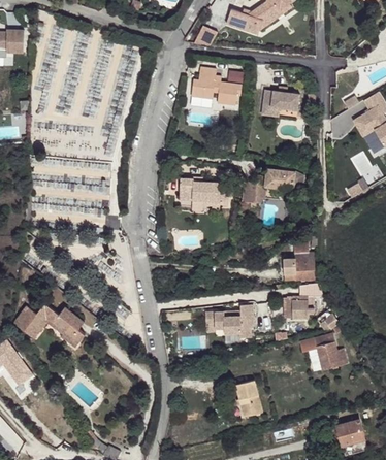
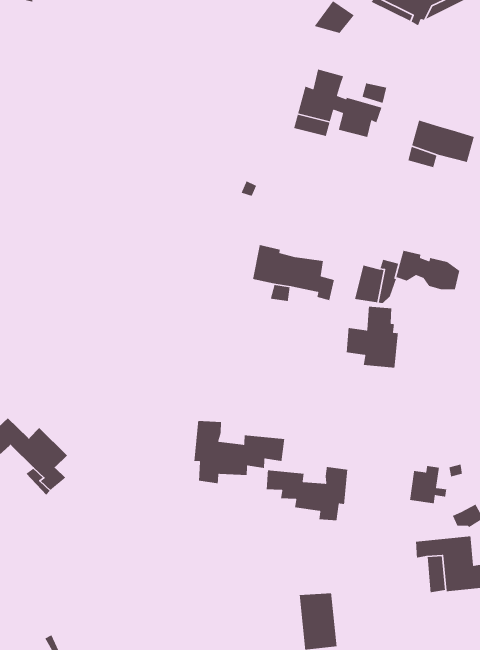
building: [283,242,315,280] -> [346,306,399,369]
building: none -> [193,420,285,484]

